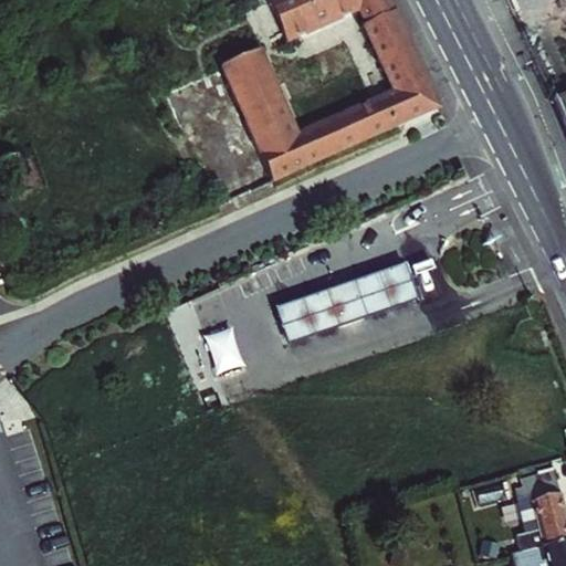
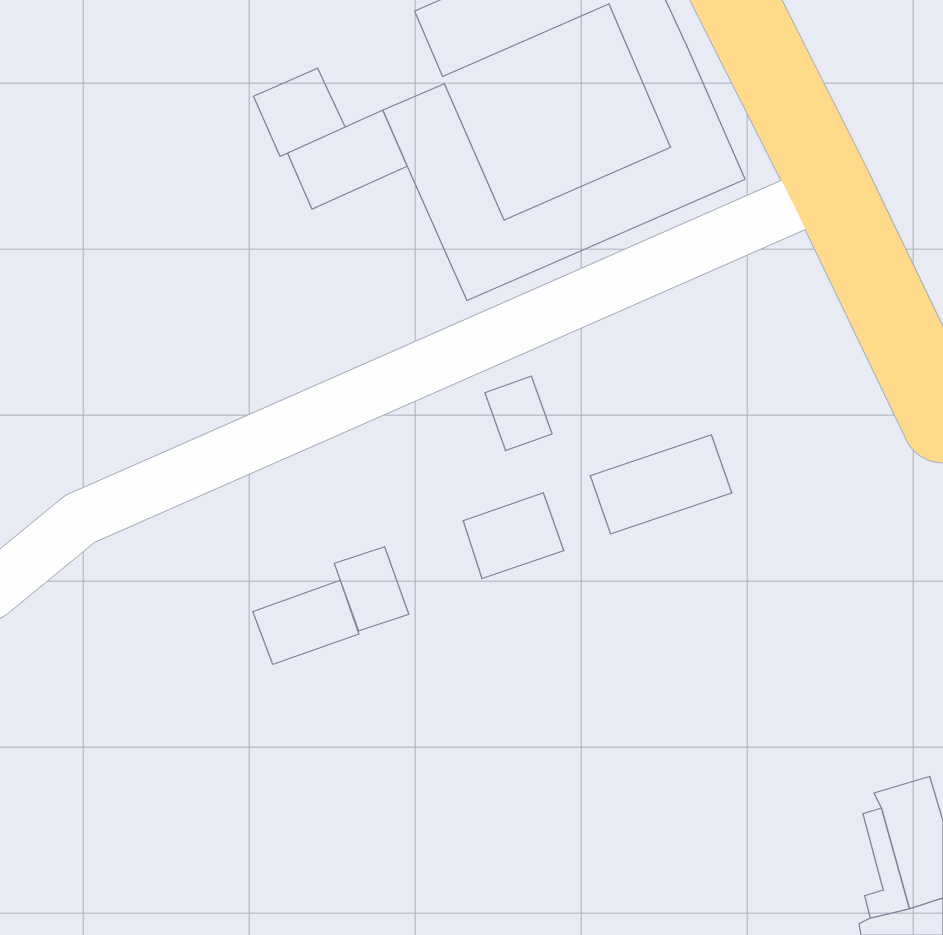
building: none -> [254,68,345,156]
building: [322,282,361,326] -> [485,376,552,451]
building: none -> [253,580,359,664]

